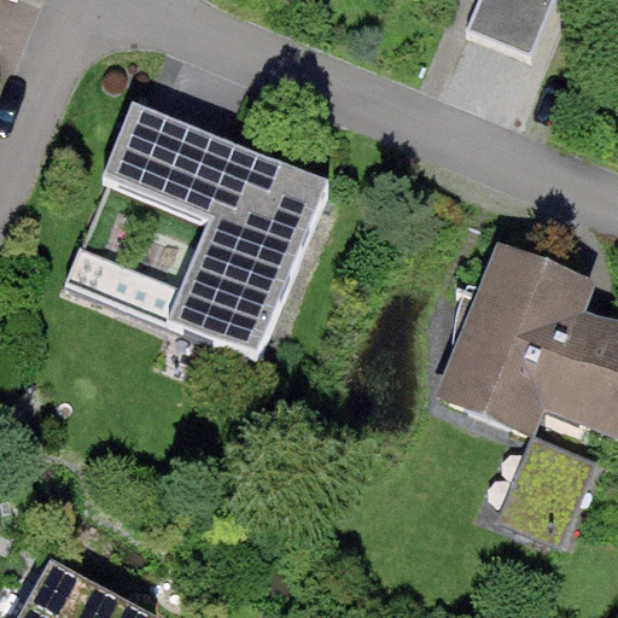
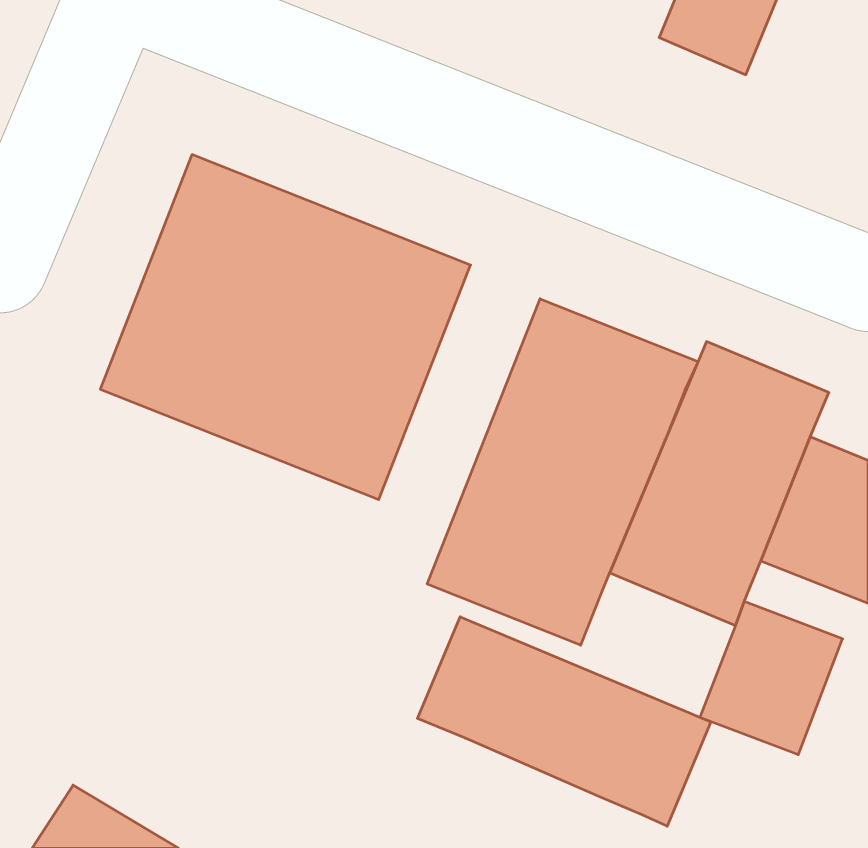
building: none -> [427,299,698,645]
building: none -> [417,617,711,826]

